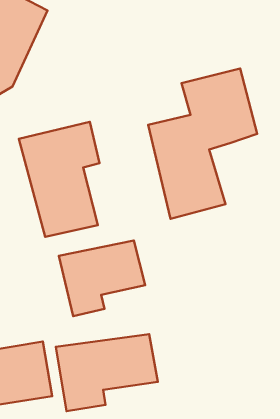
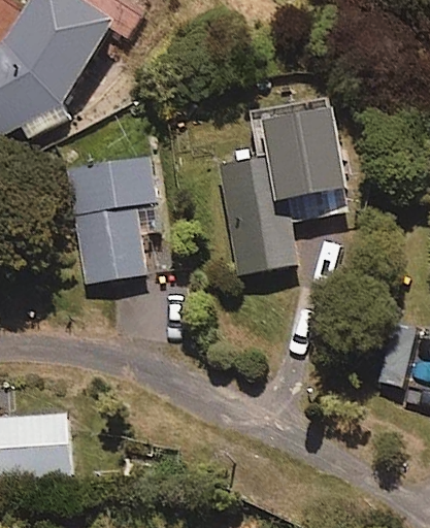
building: [59,240,145,316] -> none
building: [56,334,158,411] -> none

